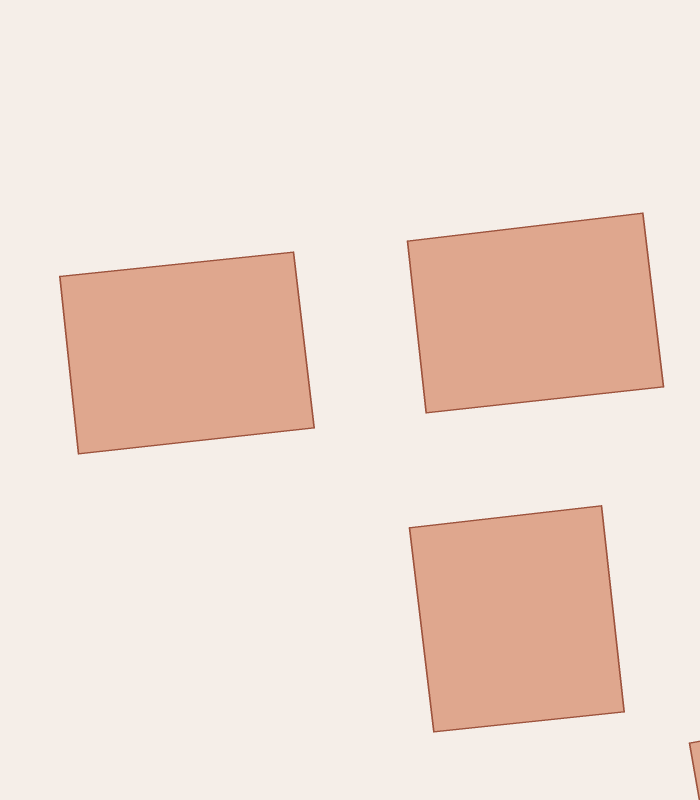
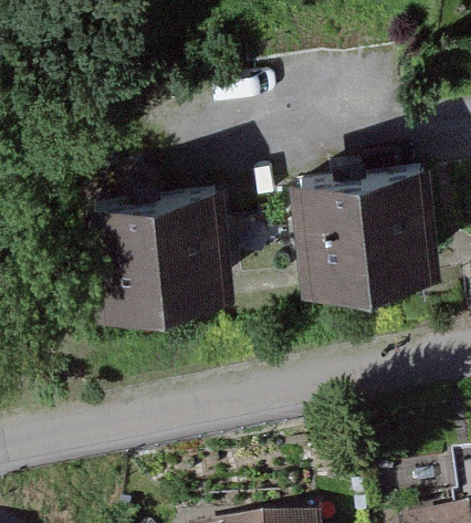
building: [410,506,624,732] -> none

